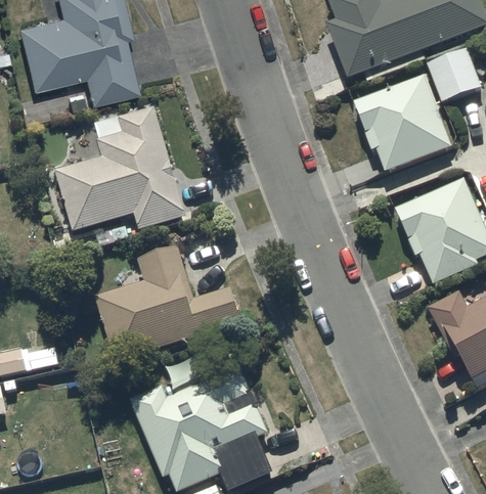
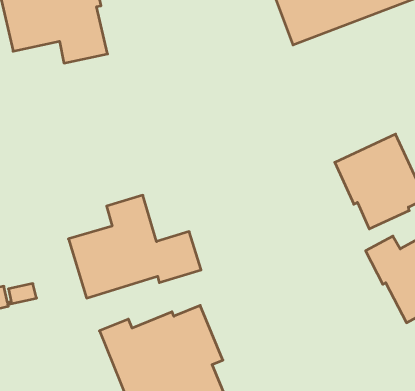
building: [426,46,480,101] -> none
building: [353,74,452,170] -> none
building: [53,105,192,231] -> none

